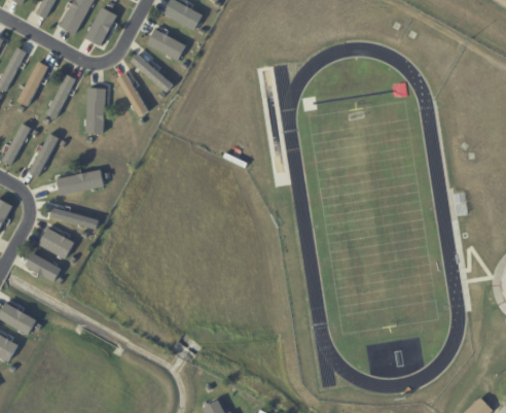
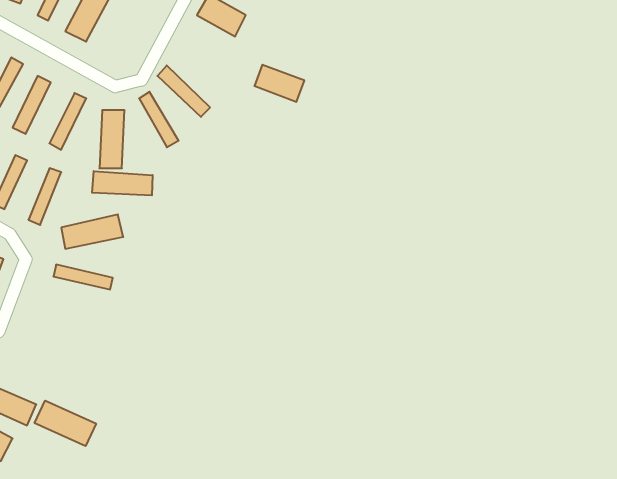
building: [86,7,115,45] -> none
building: [146,30,185,59] -> [254,65,304,102]
building: none -> [92,171,153,195]
building: [37,228,73,259] -> none
building: [25,253,61,280] -> none
building: none -> [35,401,96,446]

